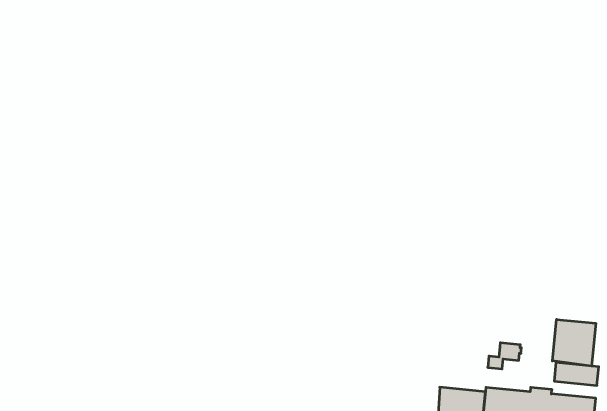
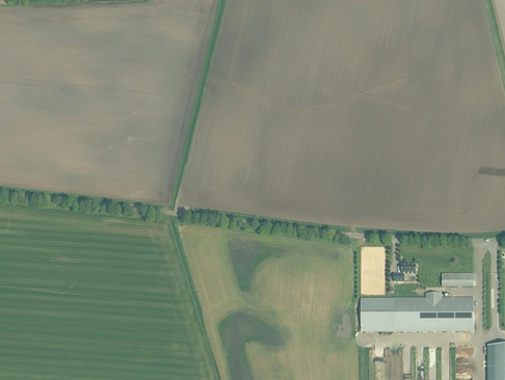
building: [552,319,596,366] -> none

